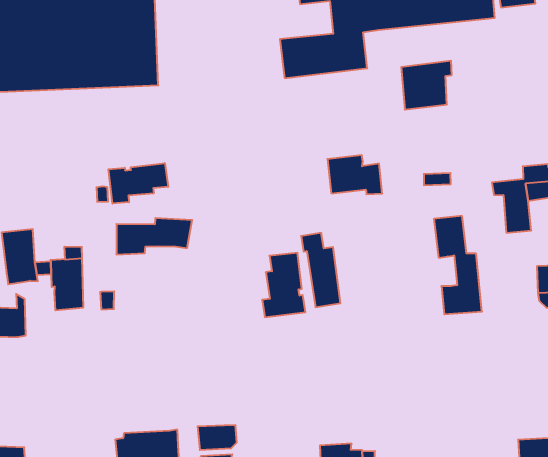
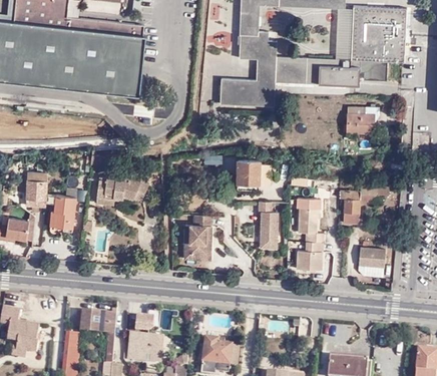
building: [401,61,452,110] -> [345,106,379,134]
building: [108,163,168,204] -> none
building: [301,233,340,307] -> [257,201,276,247]

